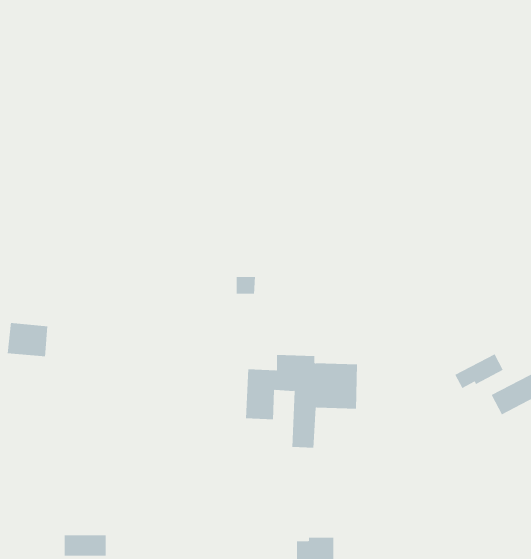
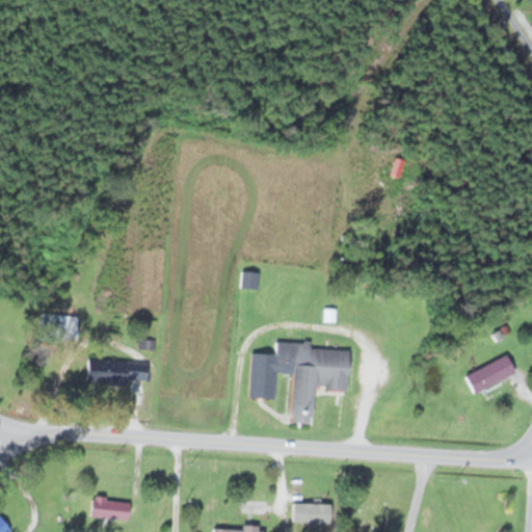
building: [455,353,504,389] -> none
building: none -> [86,361,149,387]

